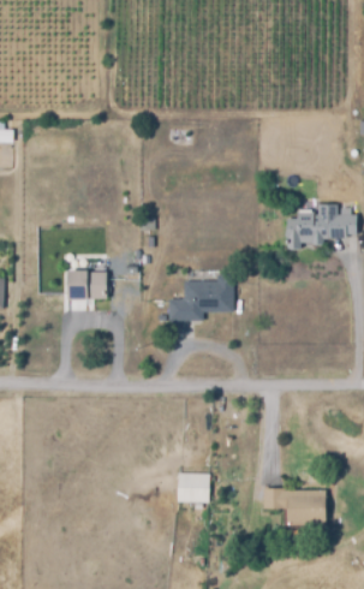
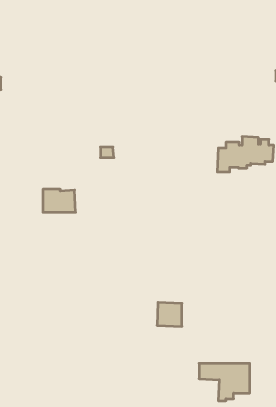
building: [168,275,234,322] -> none
building: [178,474,209,504] -> [157,302,182,326]

